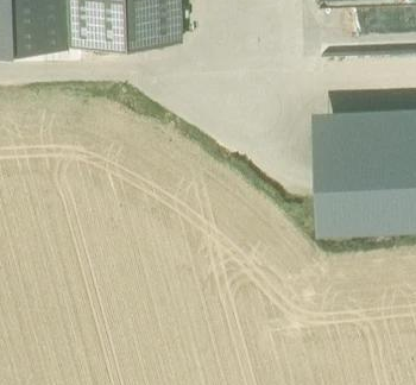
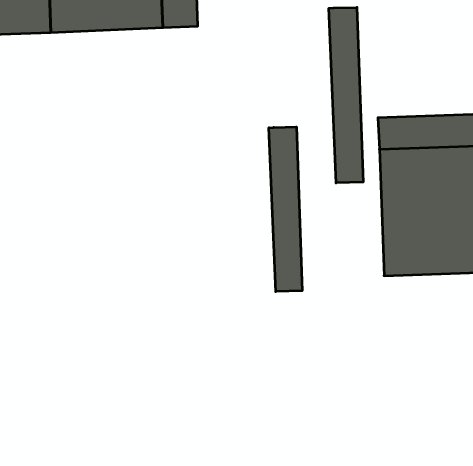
building: none -> [329,7,363,183]
building: none -> [269,127,302,292]

